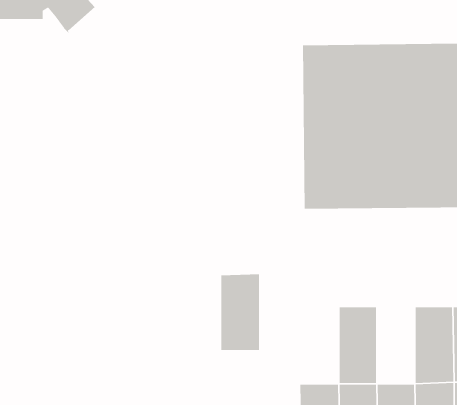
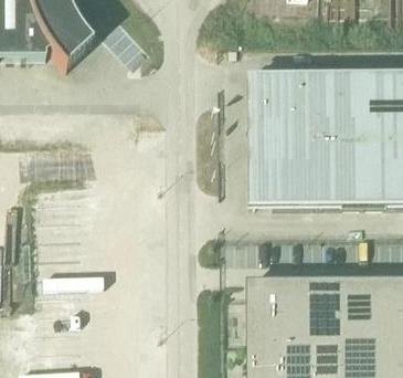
building: [221,274,260,351] -> [247,277,278,338]
building: none -> [308,277,338,338]

